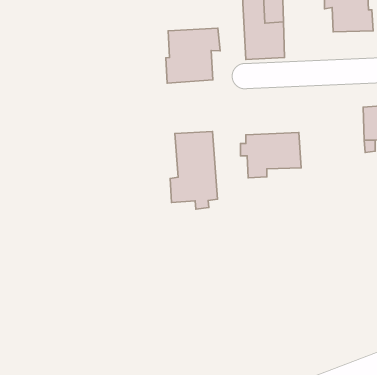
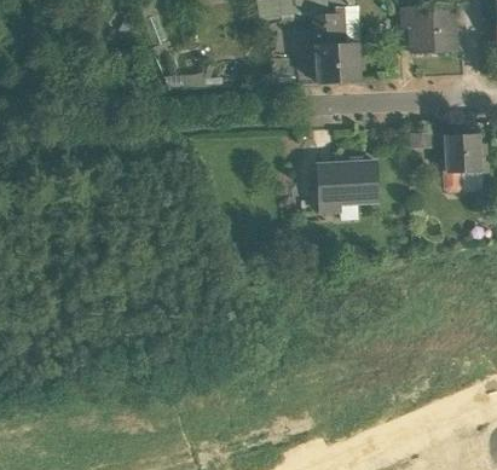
building: [166,28,220,83] -> none
building: [170,131,217,209] -> none

